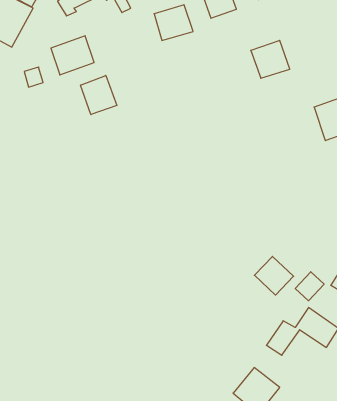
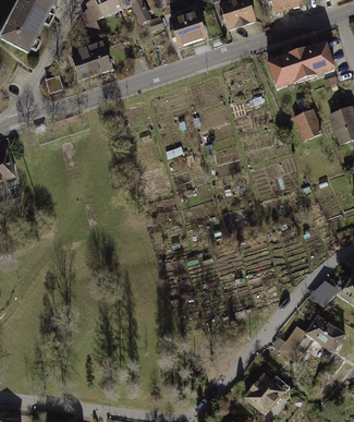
building: none -> [294,41,332,79]
building: [81,75,117,115] -> none
building: none -> [293,110,321,141]
building: [254,256,294,295] -> none

